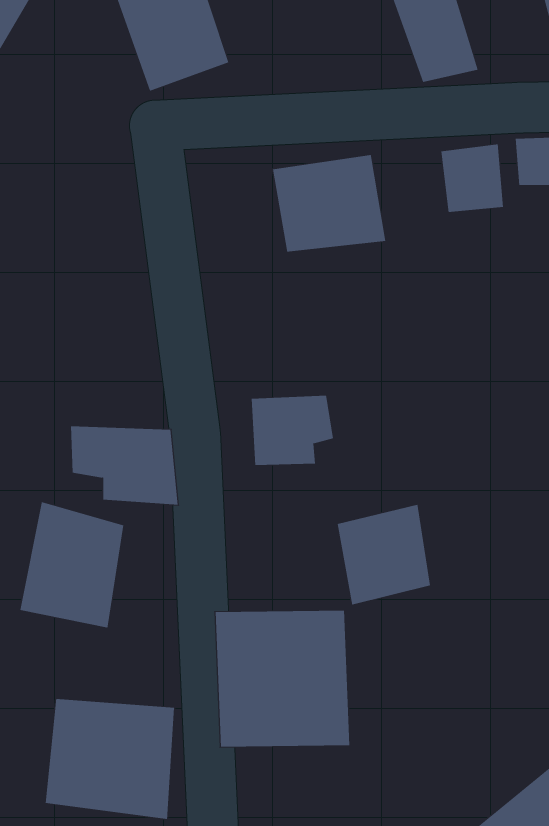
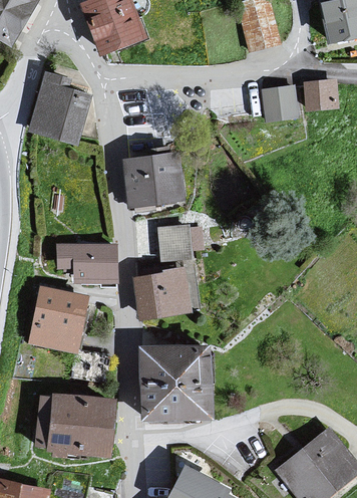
building: none -> [28,72,89,148]
building: [272,155,386,252] -> [121,155,185,209]
building: [337,504,431,605] -> [134,266,187,322]

